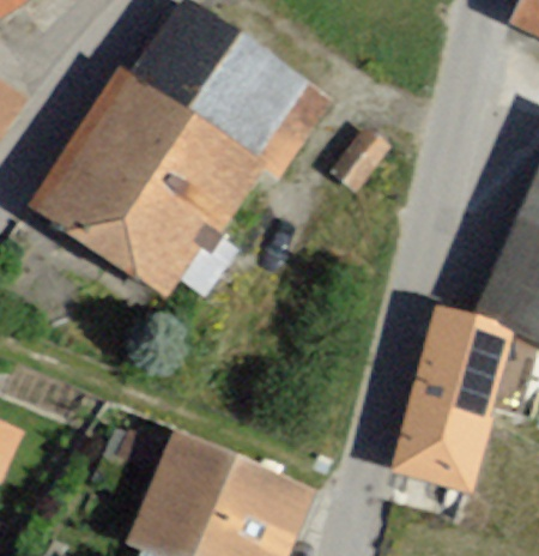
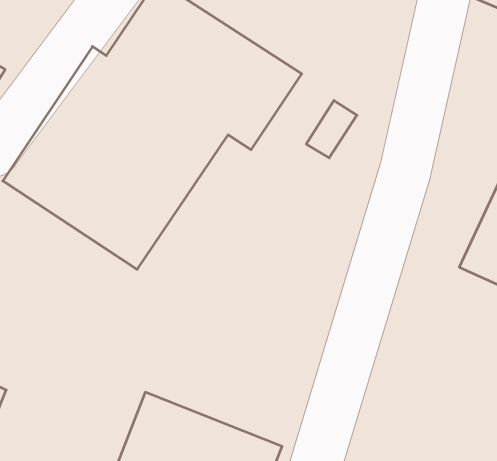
building: [392,315,509,488] -> none

